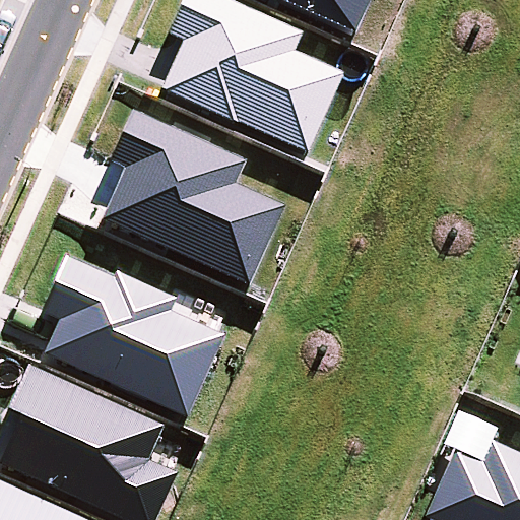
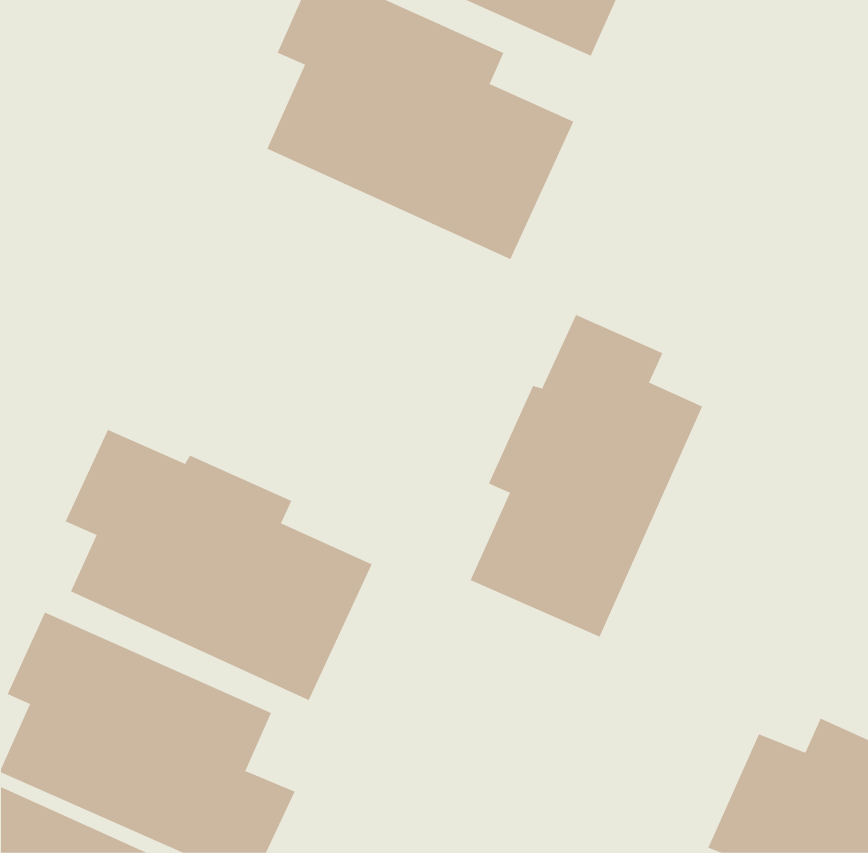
building: [103,108,285,283] -> none
building: none -> [470,314,703,638]

